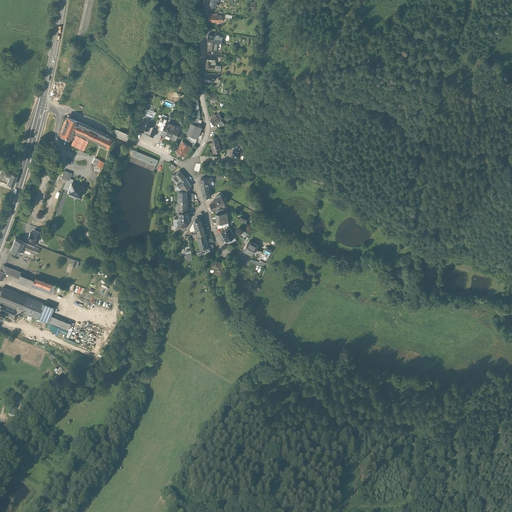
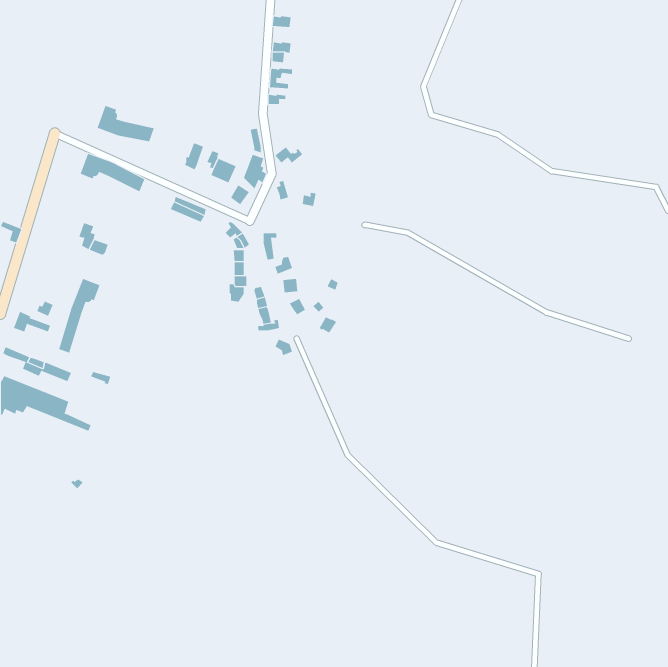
building: none -> [97,105,155,142]
building: none -> [59,278,100,353]

